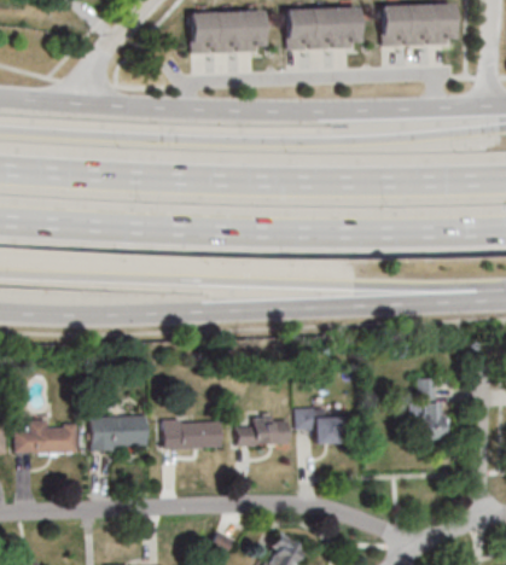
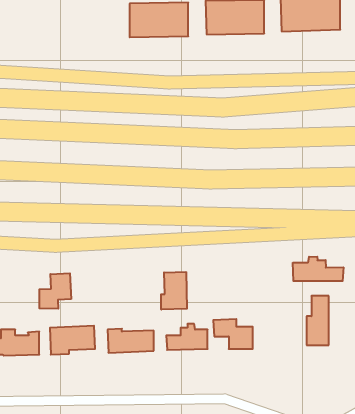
building: none -> [293,257,343,281]
building: none -> [161,272,187,310]
building: none -> [39,273,71,309]

